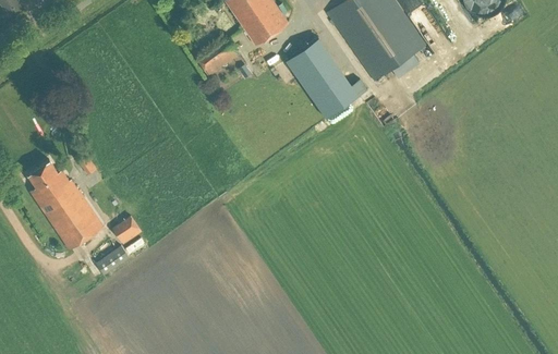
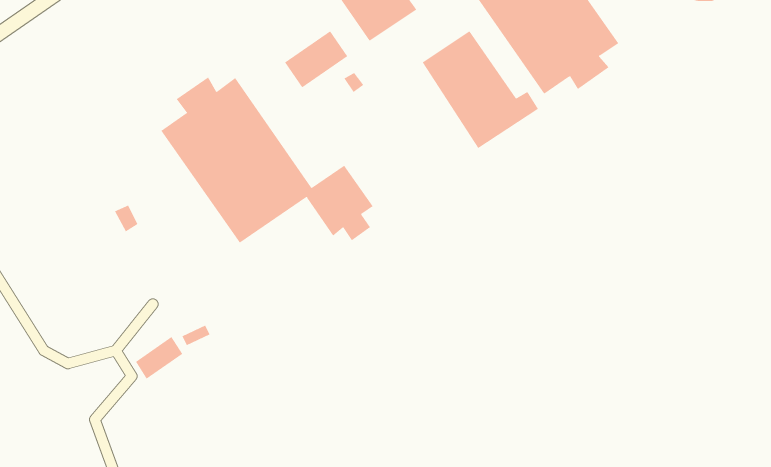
building: none -> [161,76,373,243]
building: [27,159,102,248] -> none
building: [112,216,142,244] -> none

